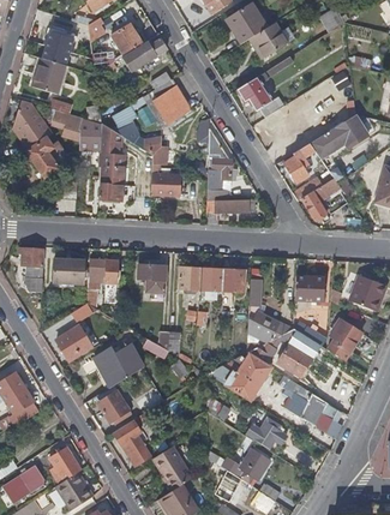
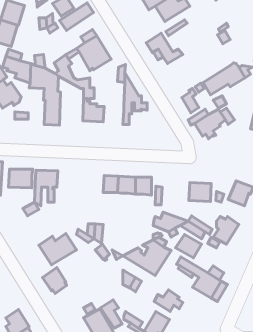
building: [204,198,253,222] -> none
building: [137,264,164,292] -> none
building: [55,325,89,359] -> none
building: [116,421,145,460] -> [101,300,122,328]

